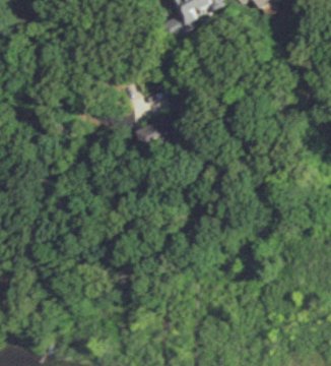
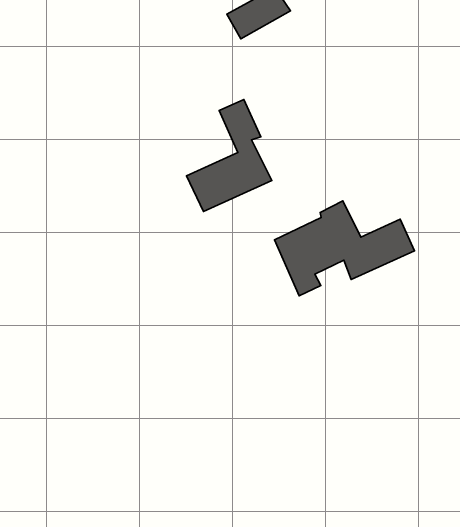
building: none -> [274,201,414,296]

